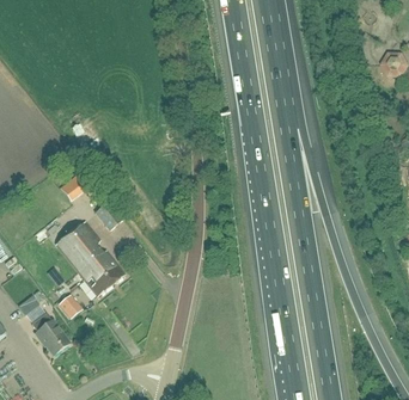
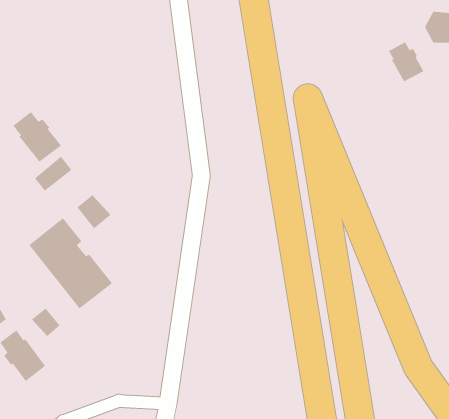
building: none -> [388,41,424,82]
building: none -> [12,111,62,163]

